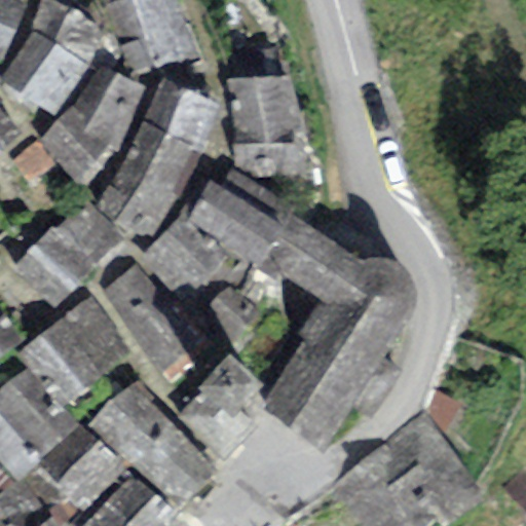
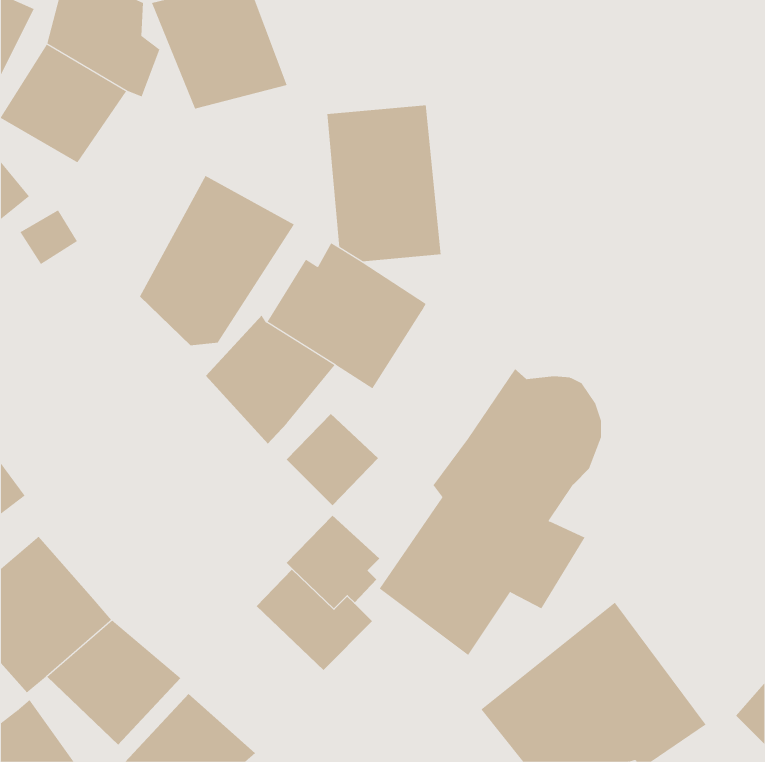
building: [37,67,145,188] -> none
building: [141,78,216,154] -> none
building: [11,204,122,308] -> none
building: [256,214,353,301] -> none
building: [101,265,200,373] -> none
building: [14,296,128,411] -> none
building: [87,379,219,516] -> none

